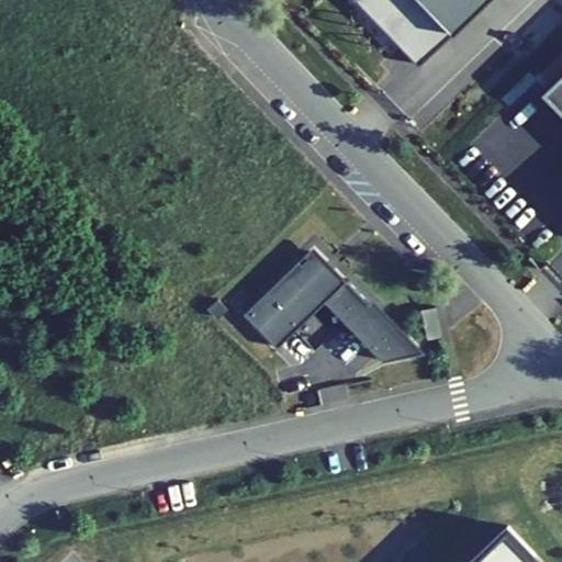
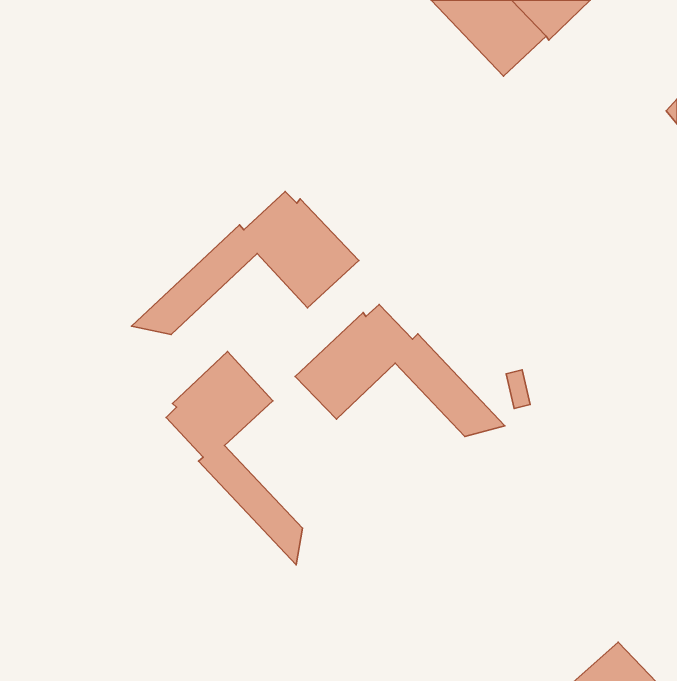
building: none -> [132,192,359,335]
building: none -> [166,352,302,565]

